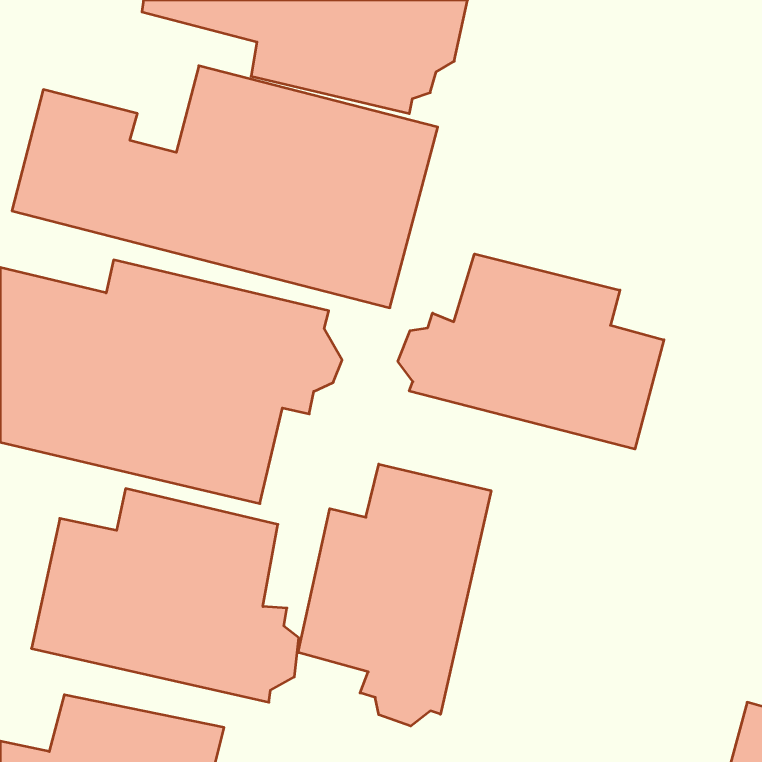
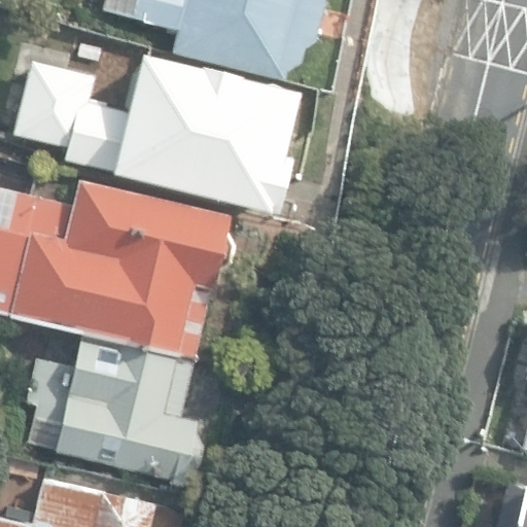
building: [398,254,664,449] -> none
building: [298,464,491,726] -> none

